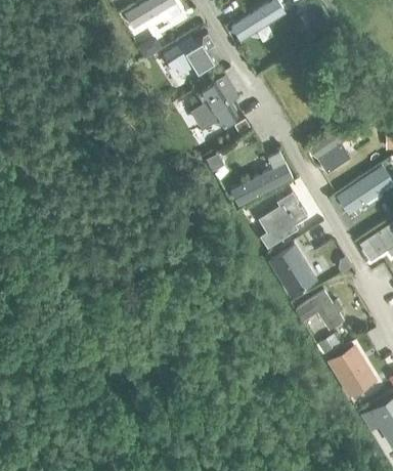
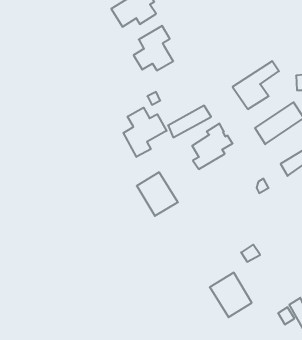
building: none -> [123,108,167,157]
building: [268,244,317,296] -> [137,172,178,216]
building: [296,291,344,330] -> none
building: [326,344,377,397] -> [210,273,252,317]

